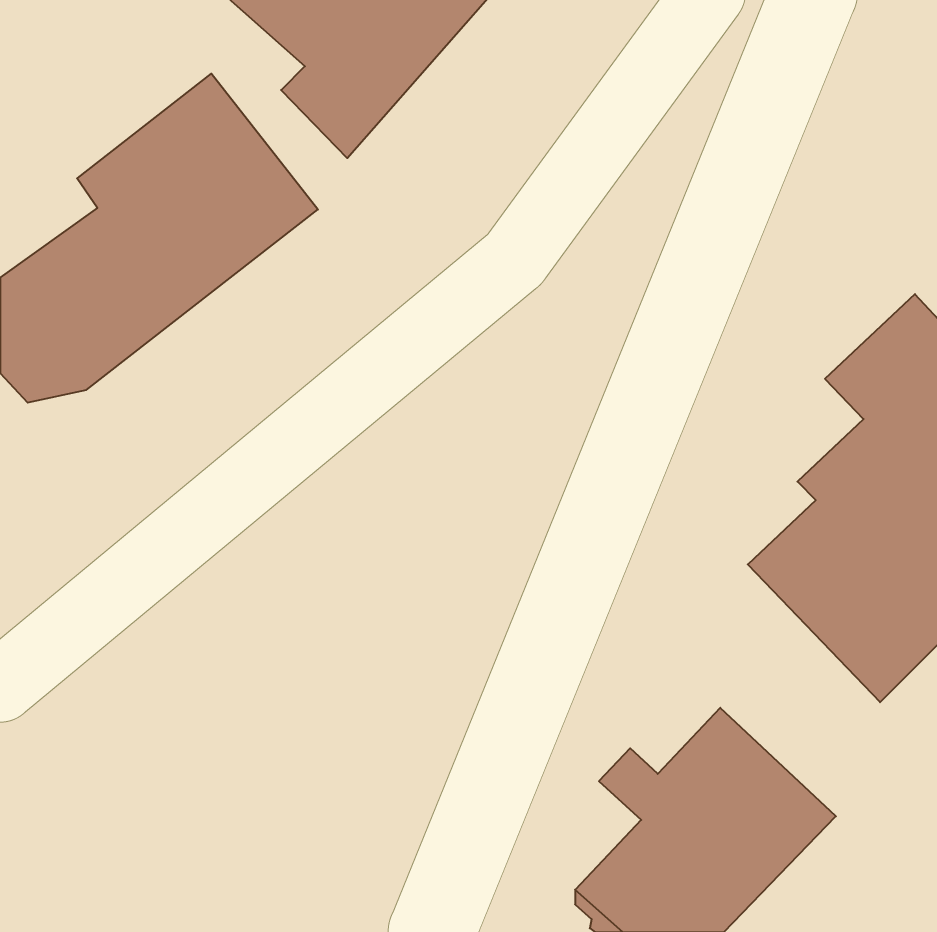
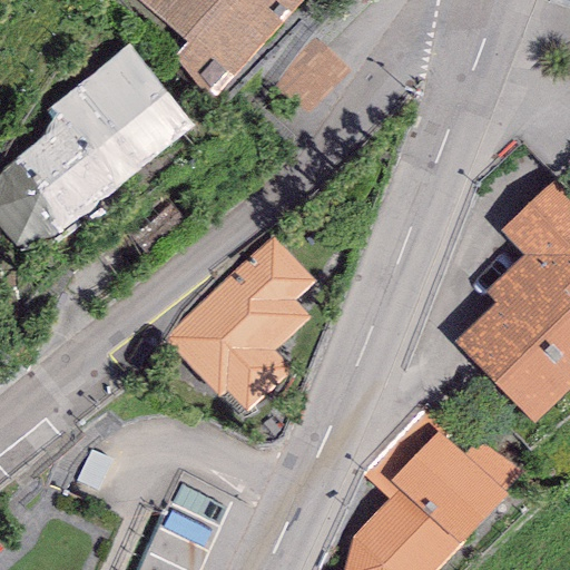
building: none -> [164,235,317,420]

